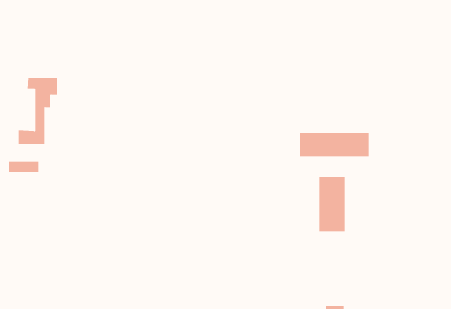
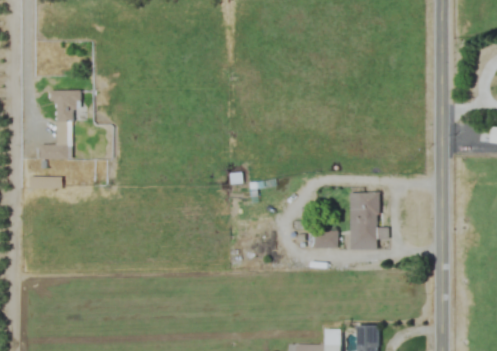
building: [300,132,369,157] -> none
building: none -> [313,231,337,249]

